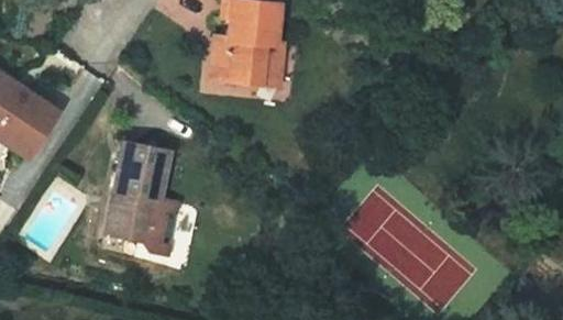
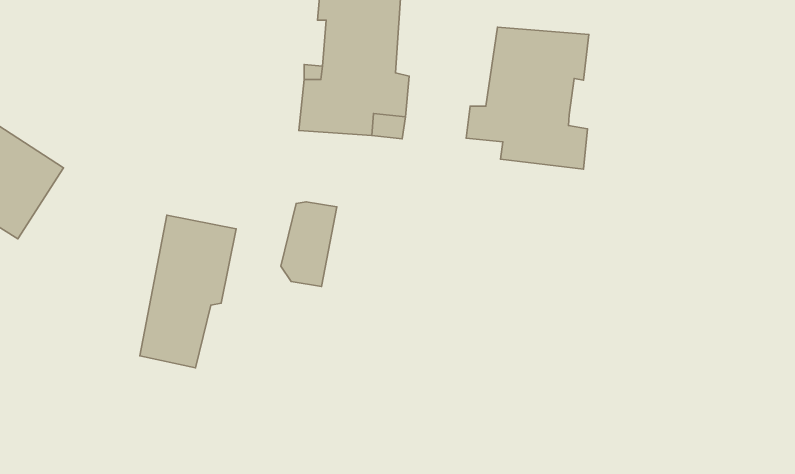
building: none -> [466,27,589,169]
building: [143,198,179,253] -> [281,202,337,287]

